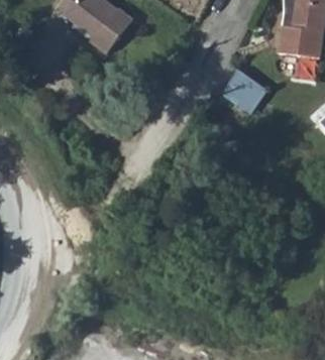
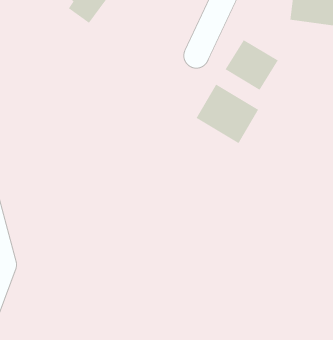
building: none -> [196,83,259,144]

